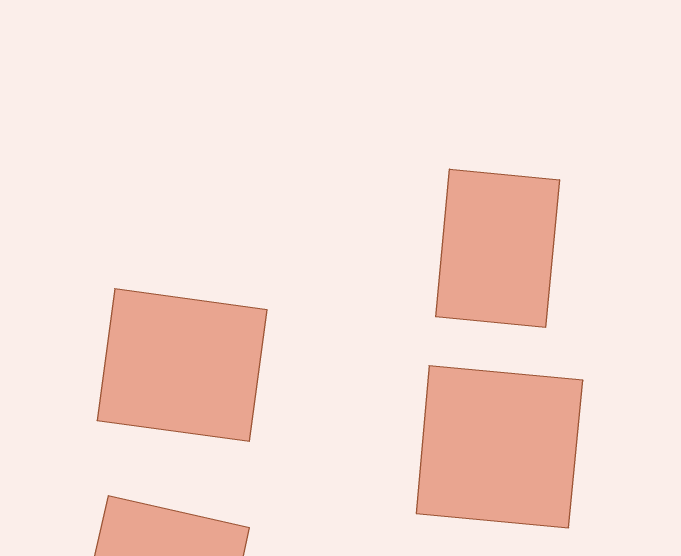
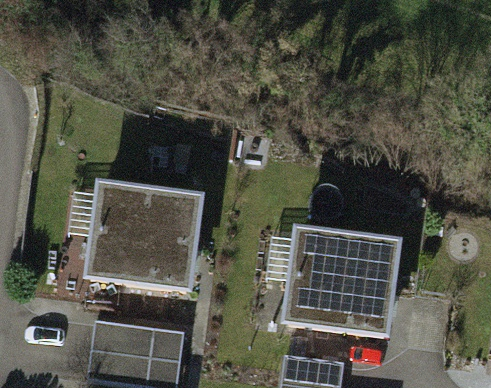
building: [436,169,559,327] -> none

